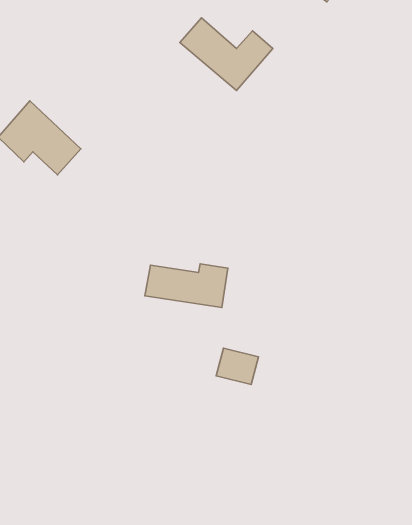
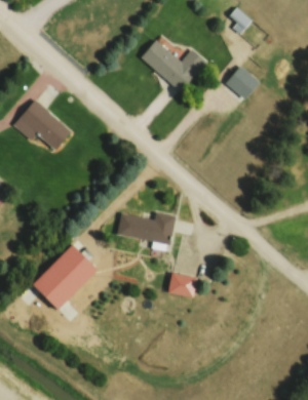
building: none -> [224,66,260,102]
building: none -> [30,242,97,309]

